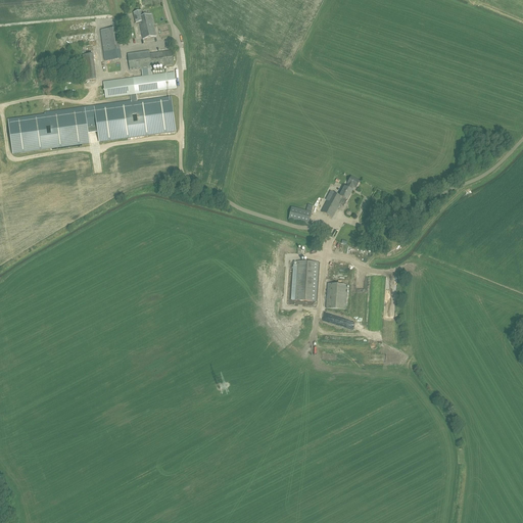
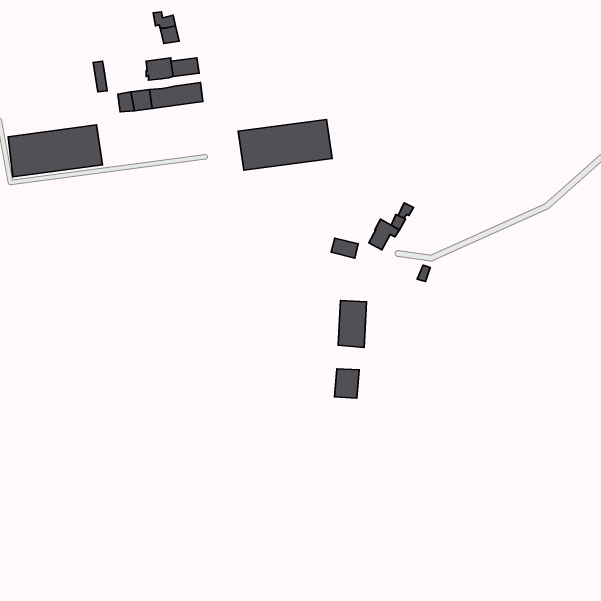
building: [99,27,121,60] -> none
building: [93,97,175,141] -> [238,120,332,170]
building: [325,283,346,308] -> [334,369,359,398]

